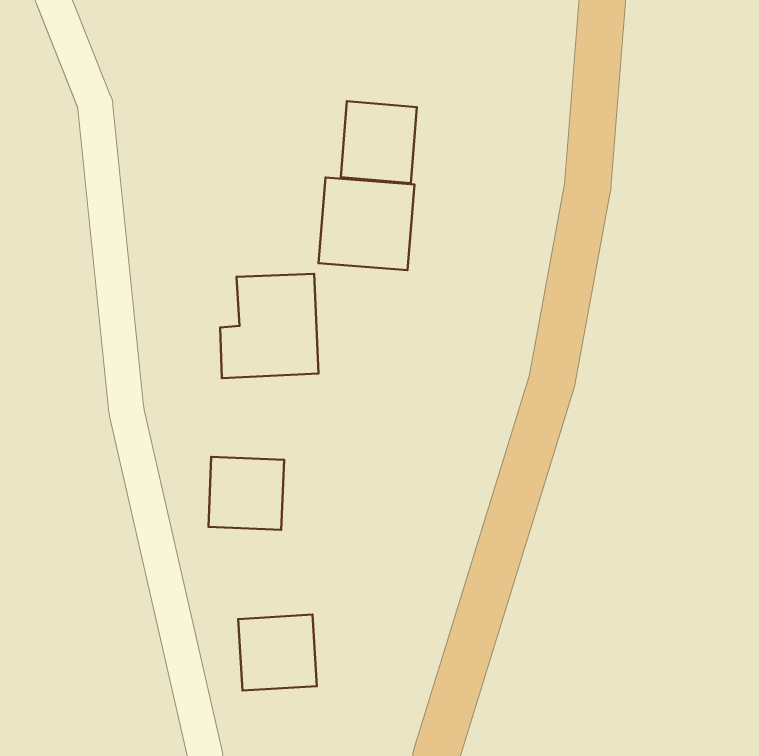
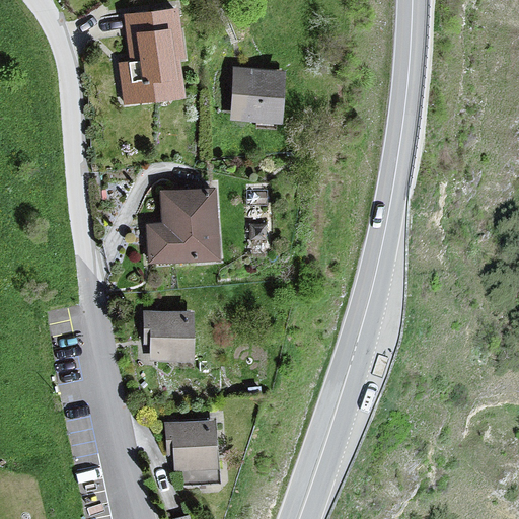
building: none -> [122,9,188,107]
building: [319,177,414,270] -> none

